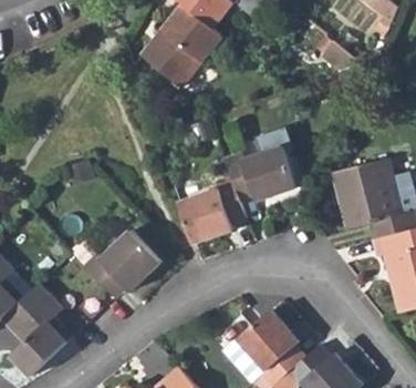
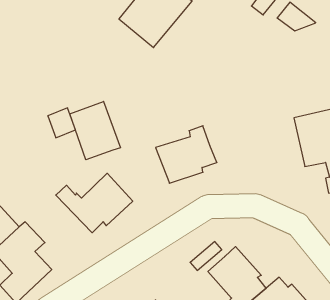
building: [228,146,300,200] -> none
building: none -> [70,101,120,160]

